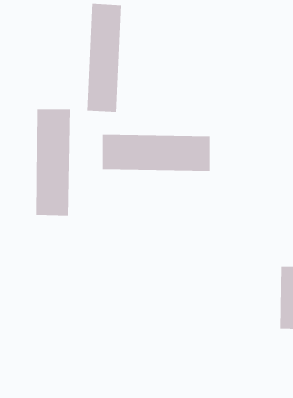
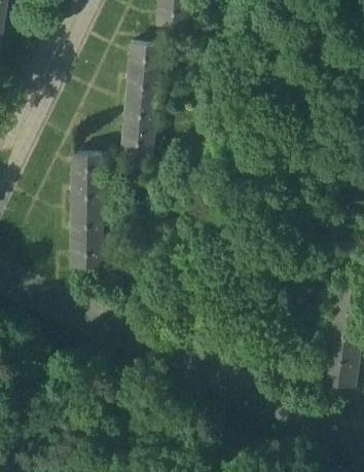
building: [102,134,210,172] -> none

